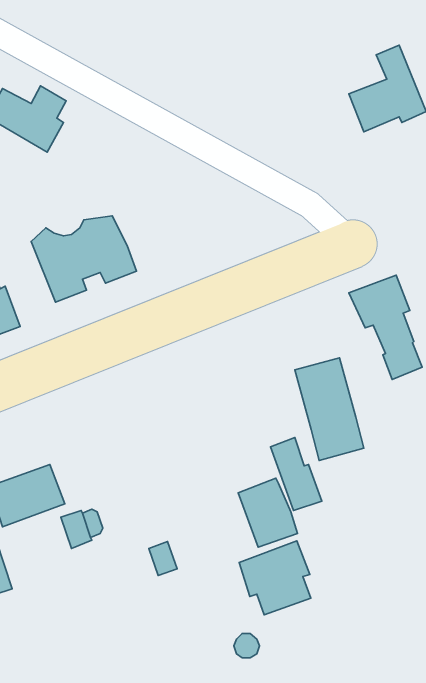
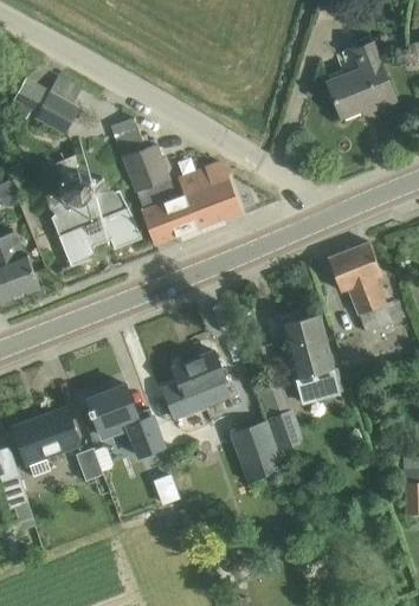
building: none -> [114,118,240,244]
building: none -> [59,170,96,208]
building: none -> [163,350,227,417]
building: none -> [88,386,162,458]
building: [239,541,311,615] -> none

